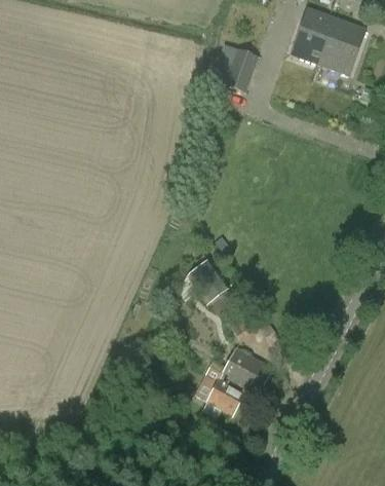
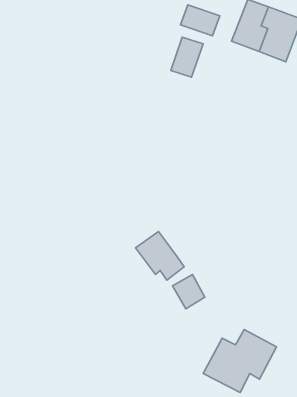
building: none -> [180,5,220,36]
building: [192,347,271,415] -> [203,330,276,392]

